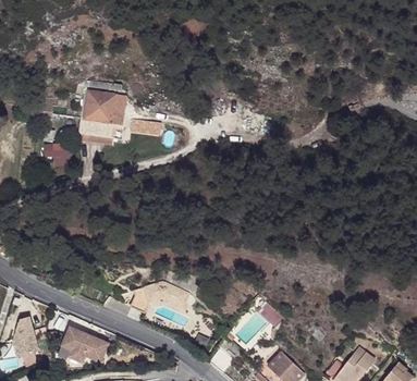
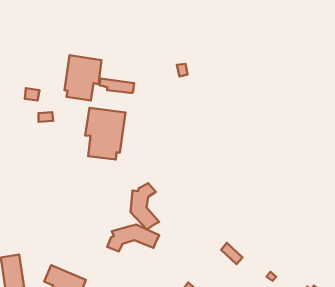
building: none -> [85,108,126,159]
building: none -> [131,183,159,229]

